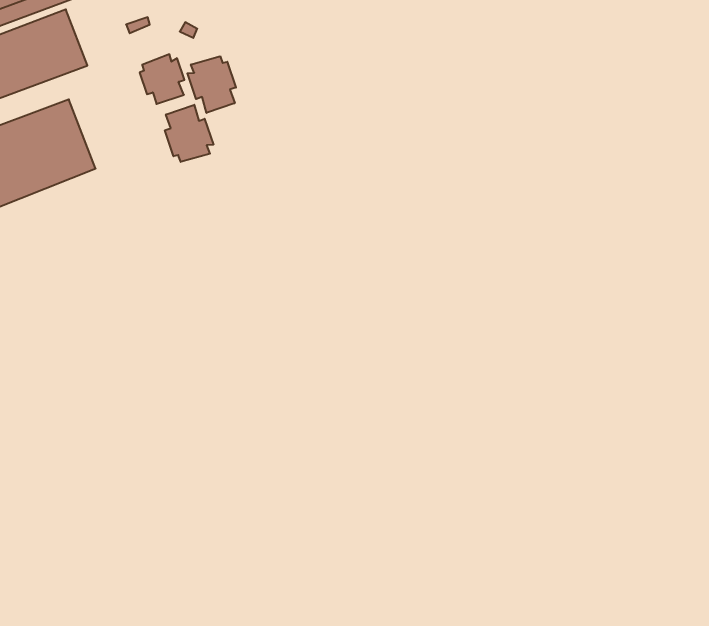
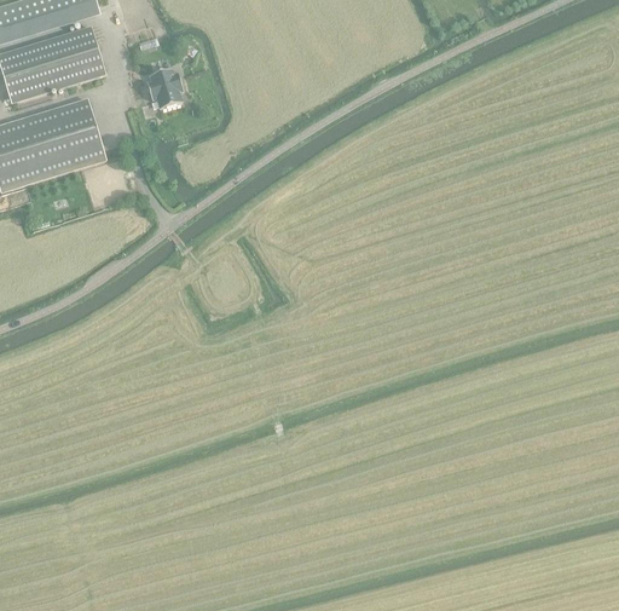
building: [187,56,236,113] -> none
building: [165,105,213,162] -> none

